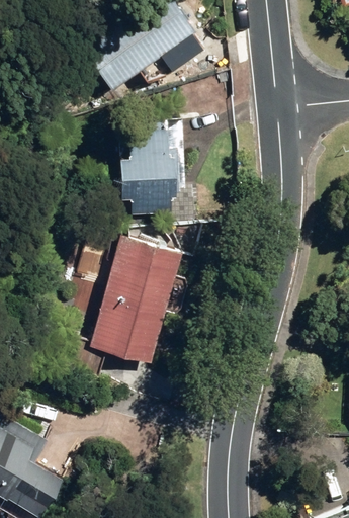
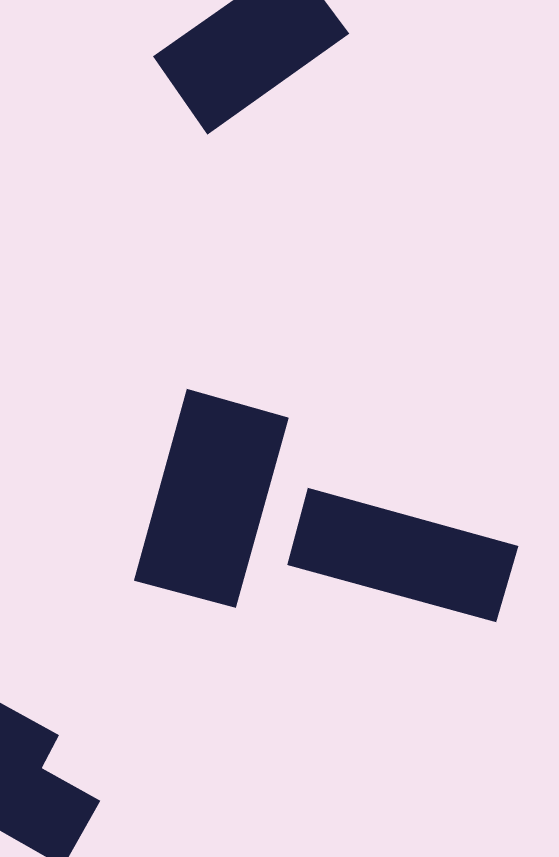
building: [122,118,188,217] -> none
building: none -> [286,487,519,623]

